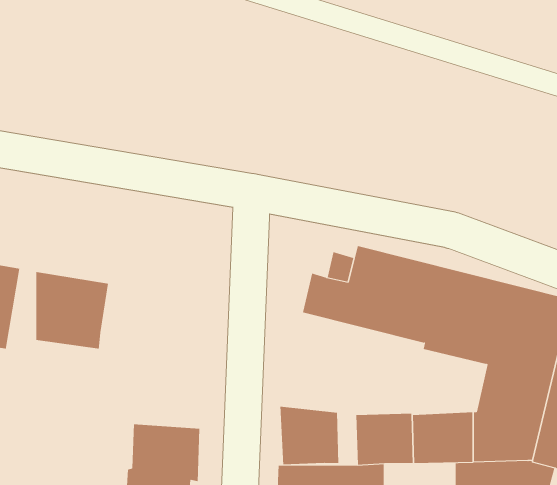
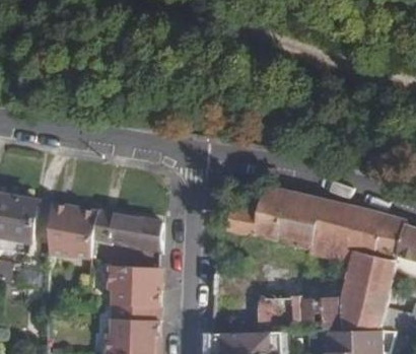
building: none -> [91,211,159,250]
building: none -> [110,266,158,307]
building: [280,406,339,465] -> none

